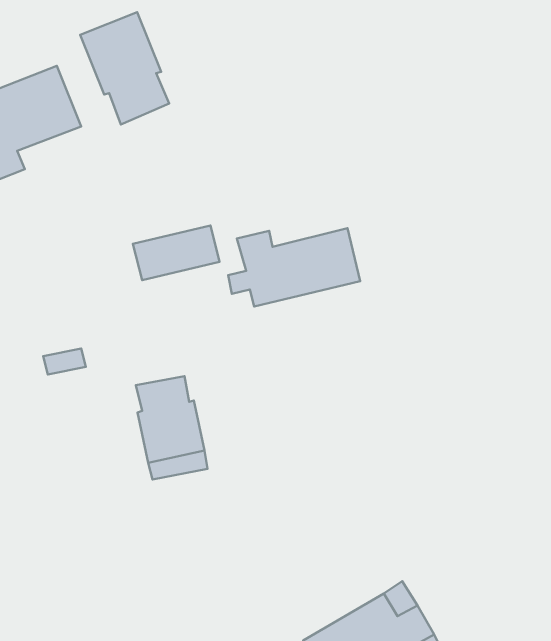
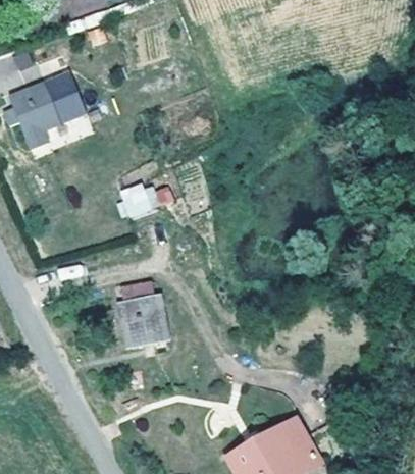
building: [80,12,169,124] -> none
building: [228,228,360,307] -> none

